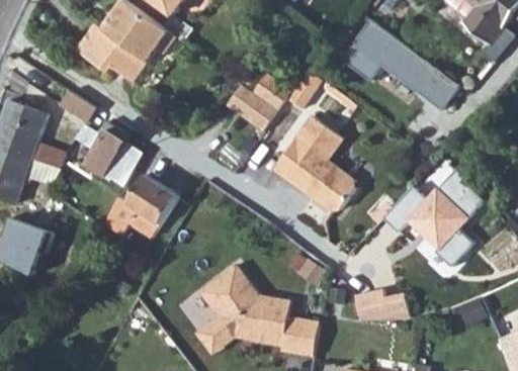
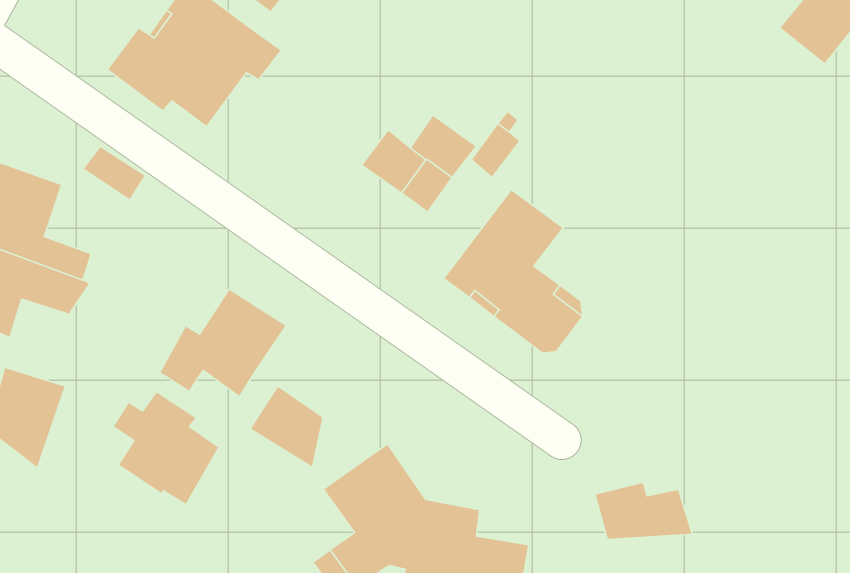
building: [342,19,460,110] -> none
building: [80,121,142,187] -> [113,392,219,505]
building: [385,169,484,264] -> none
building: none -> [250,386,323,467]

